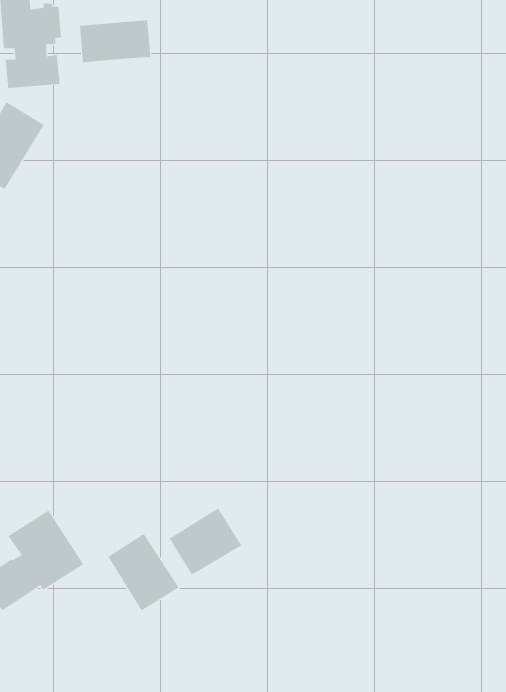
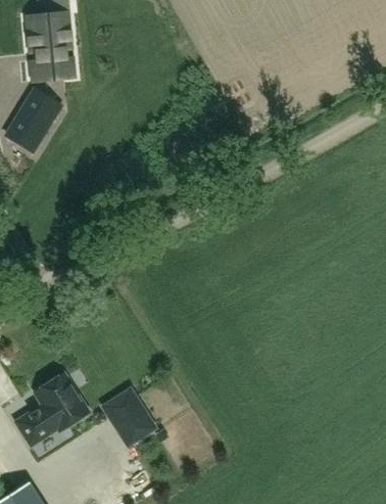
building: [79,19,151,63] -> none
building: [169,507,242,576] -> none

